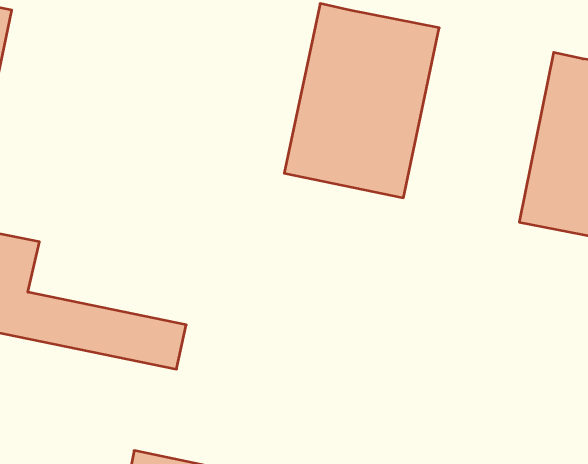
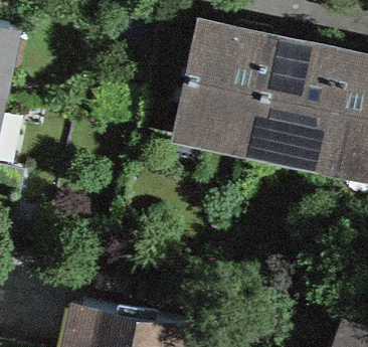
building: none -> [249,43,342,163]

